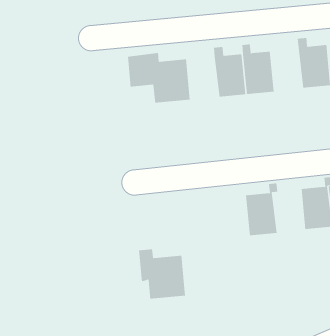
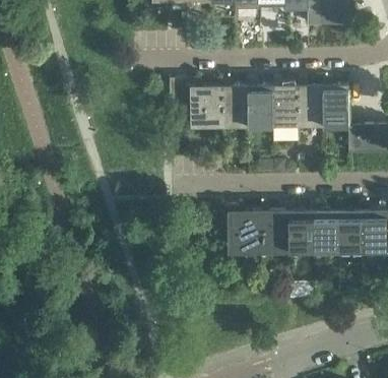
building: none -> [299,80,324,125]
building: none -> [223,80,249,125]
building: none -> [288,205,319,251]
building: [138,249,186,299] -> [225,206,264,251]

